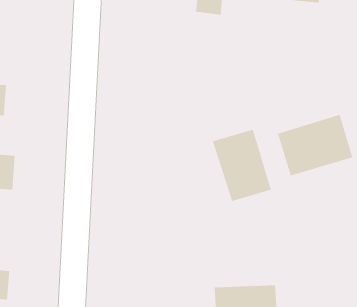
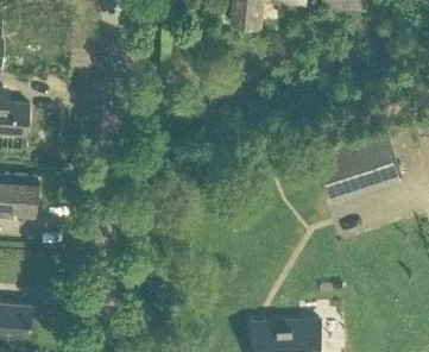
building: [212,129,272,202] -> none

